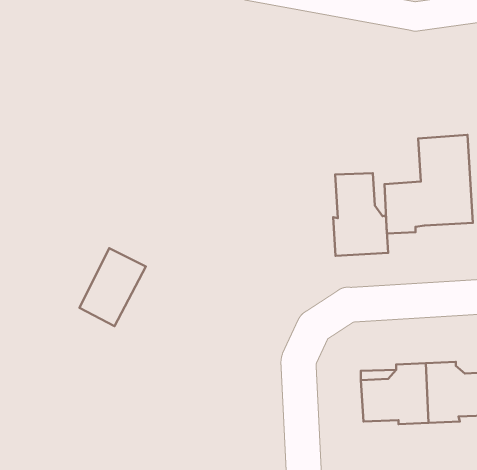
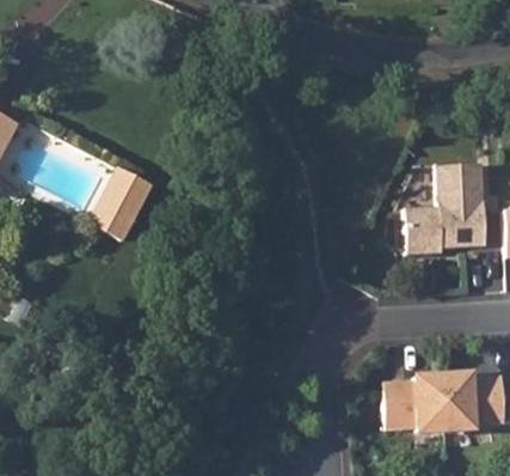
building: [333,173,388,256] -> none
building: [79,248,146,326] -> [97,164,158,236]

